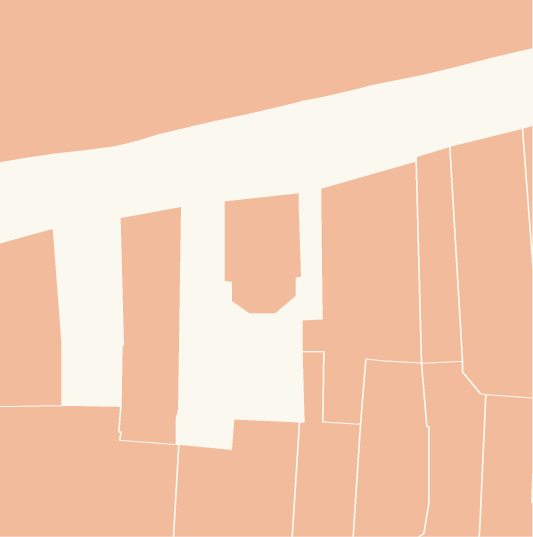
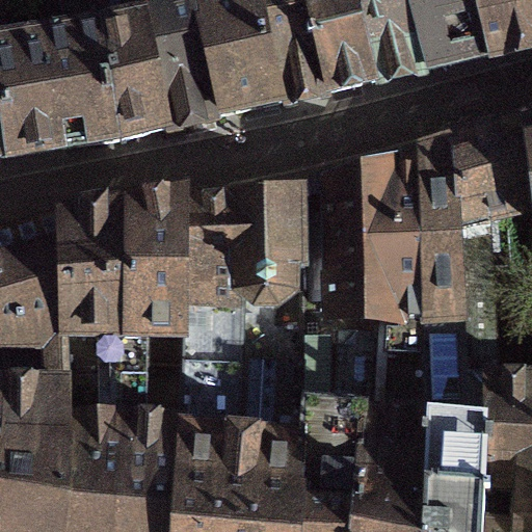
building: none -> [175,198,265,444]
building: none -> [53,215,122,401]

